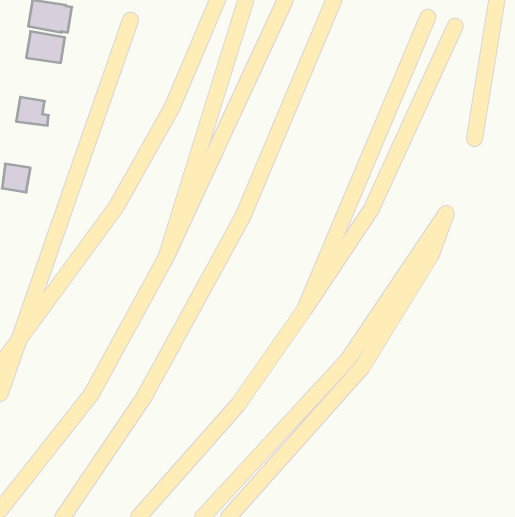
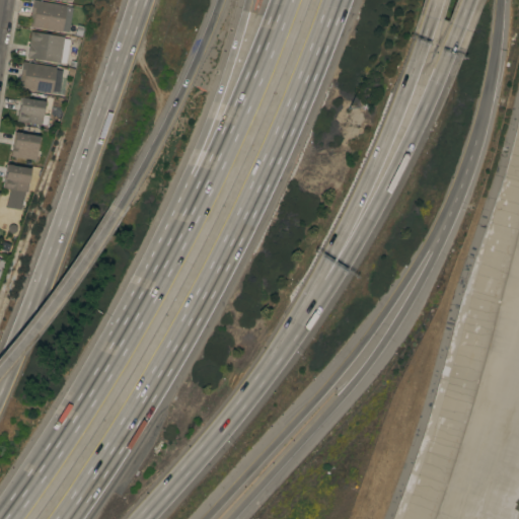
building: none -> [20,62,64,93]
building: none -> [12,132,42,160]

